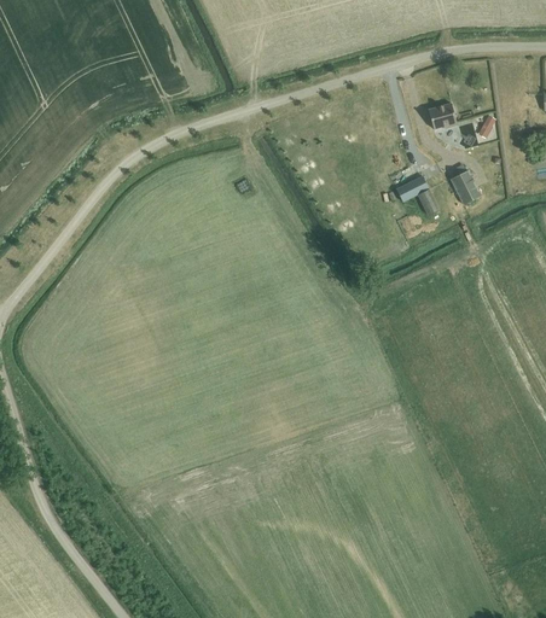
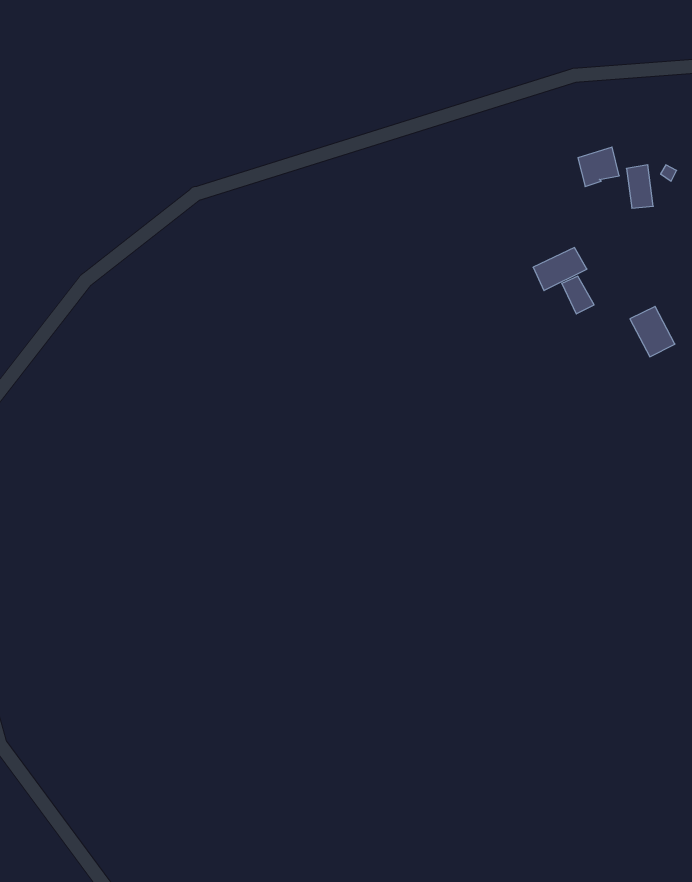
building: [449,170,480,204] -> [630,306,675,357]

